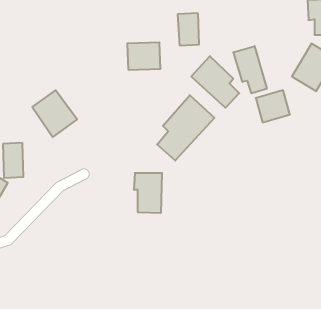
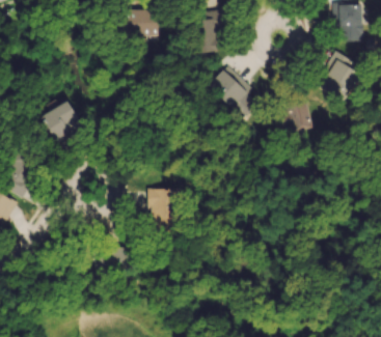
building: [127,43,161,70] -> [124,9,159,38]
building: [233,46,267,93] -> none
building: [157,95,214,161] -> none

